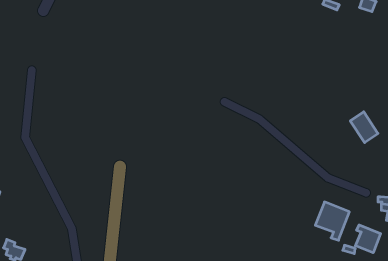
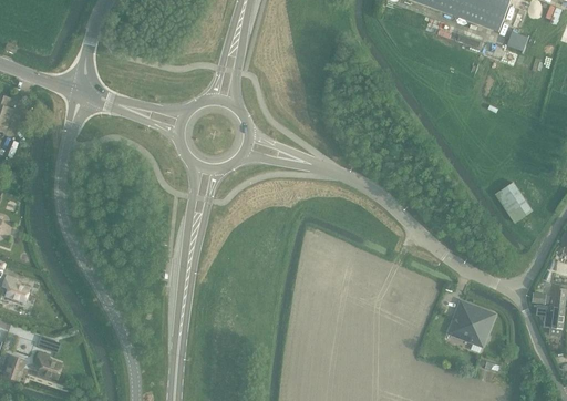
building: [355,225,381,253] -> none

